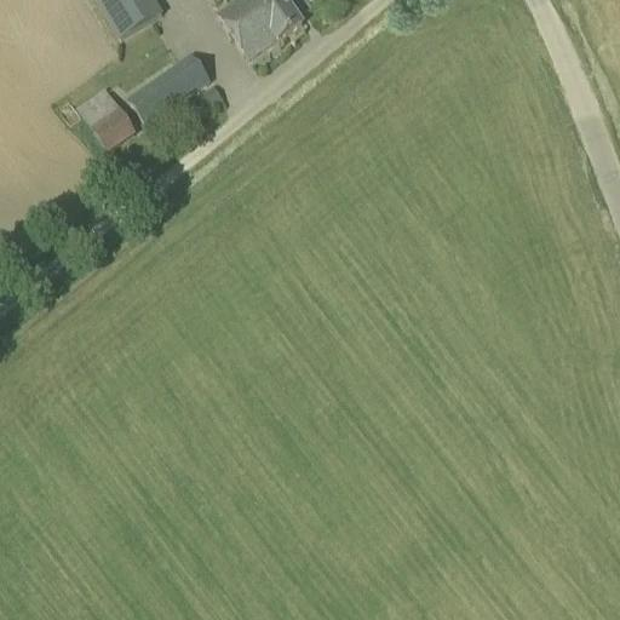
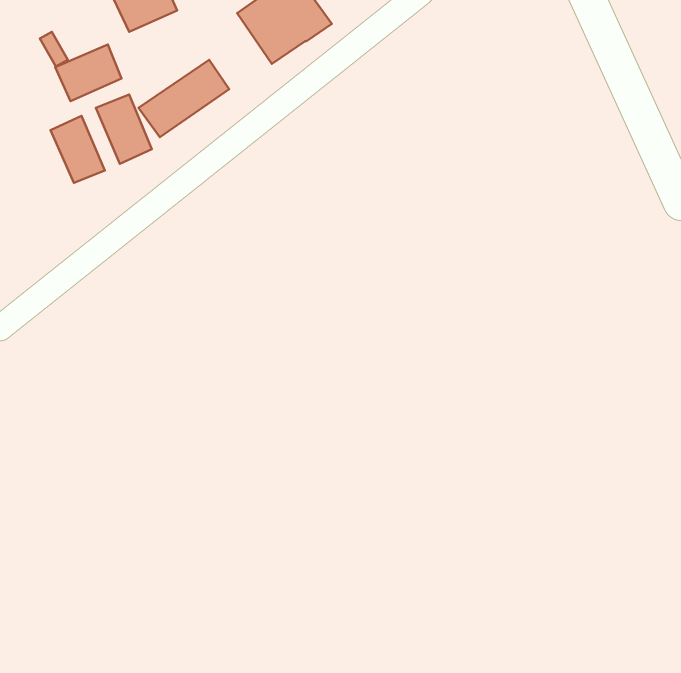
building: none -> [55,45,121,101]
building: none -> [50,116,105,183]

